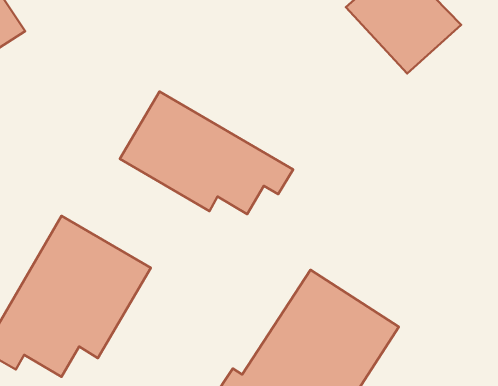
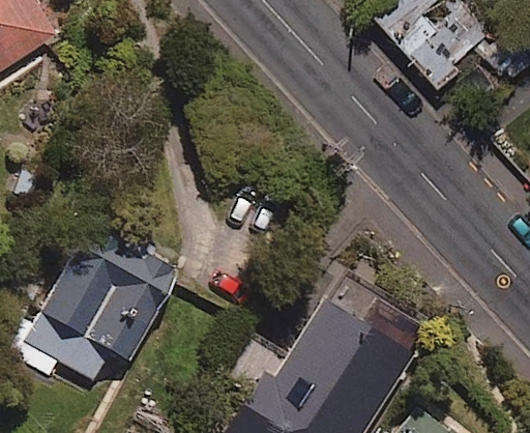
building: [120,91,293,214] -> none

